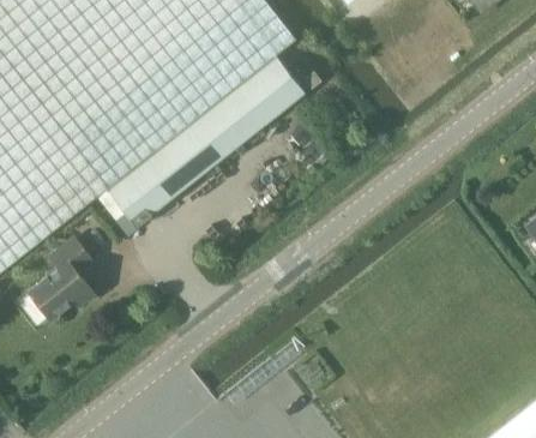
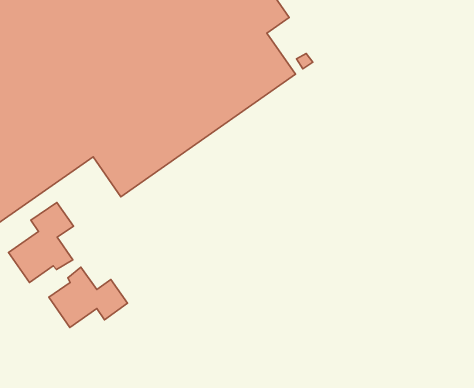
building: none -> [49,267,128,327]

